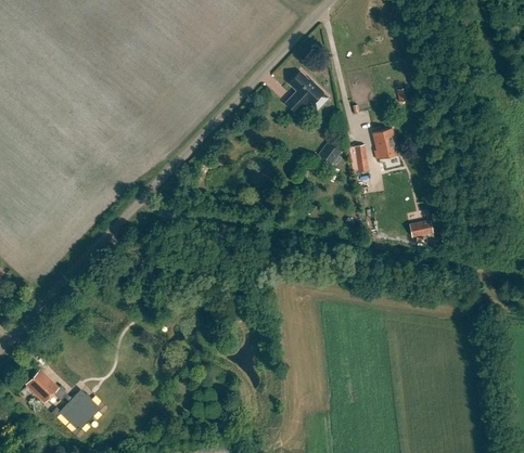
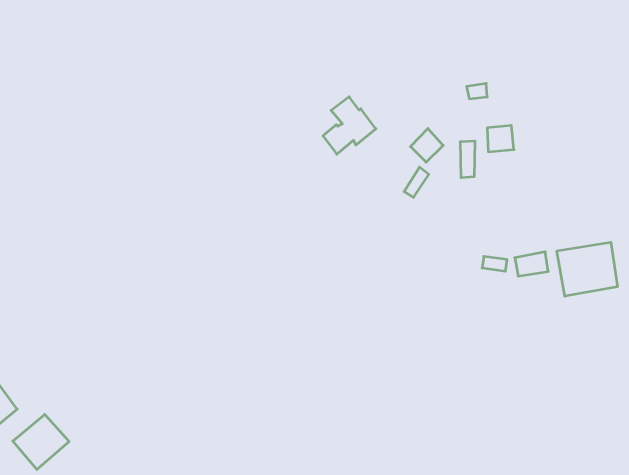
building: [286,73,324,116] -> [323,97,376,154]
building: none -> [557,242,617,296]

